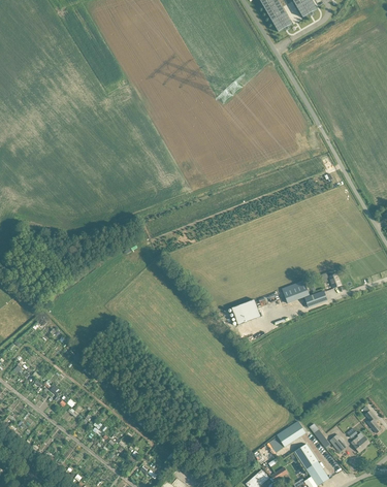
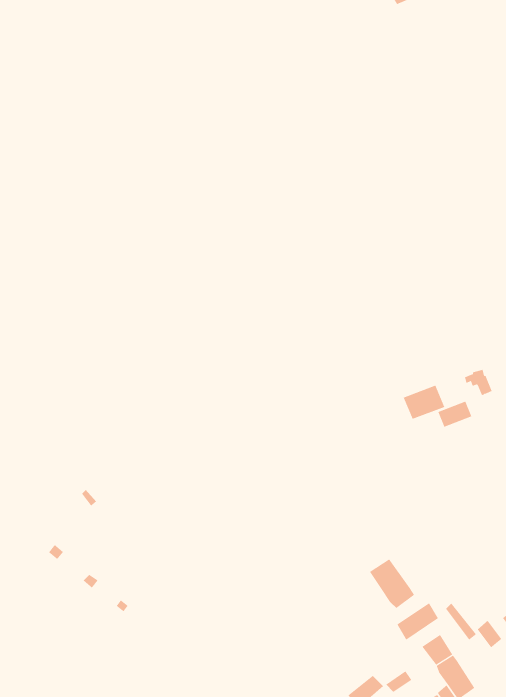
building: [231,299,261,325] -> none
building: none -> [369,559,415,609]

